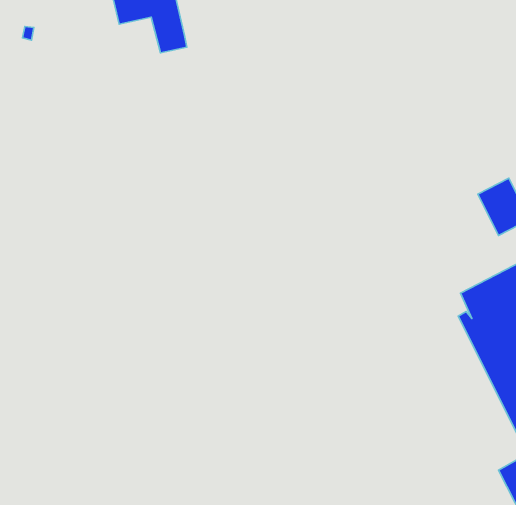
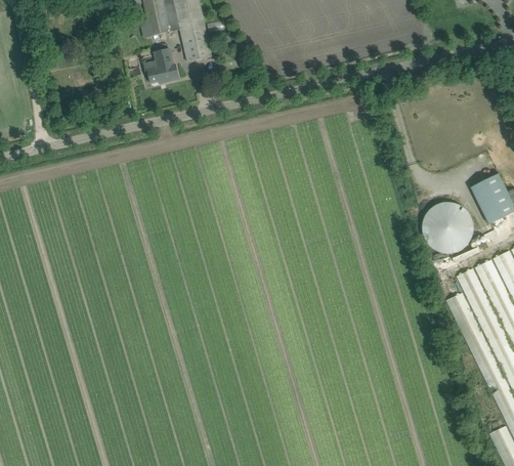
building: none -> [143,47,179,83]
building: none -> [422,202,473,253]

